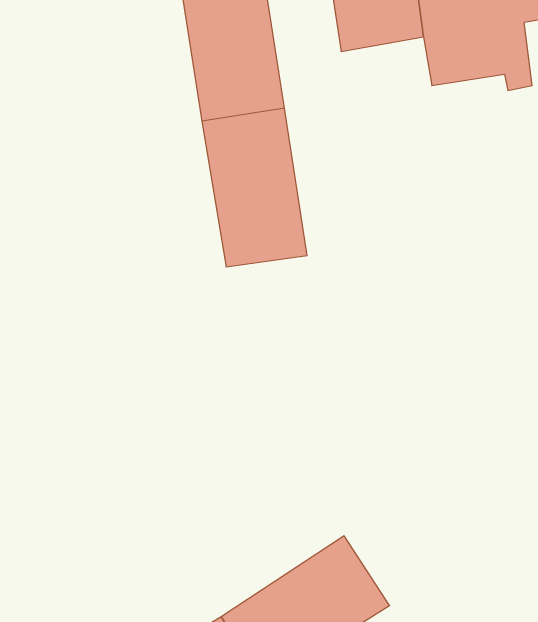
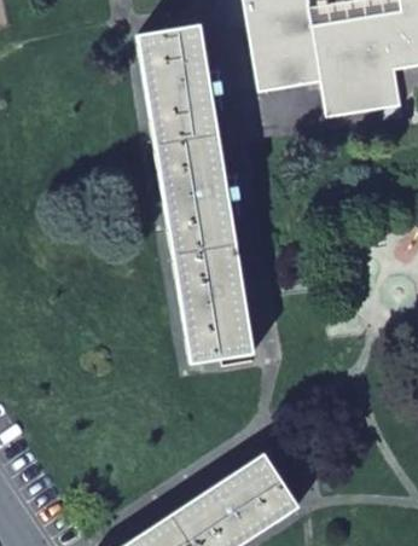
building: none -> [173,244,251,361]

